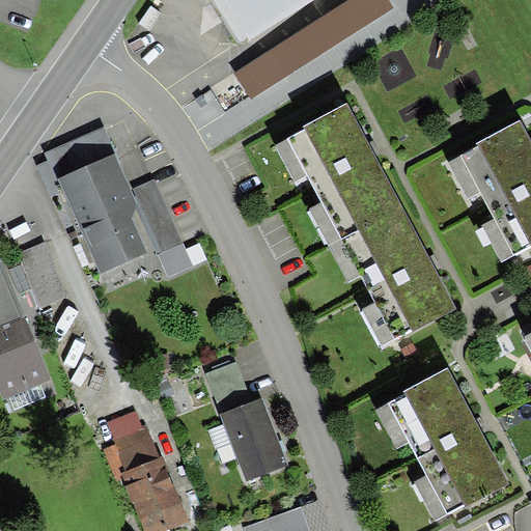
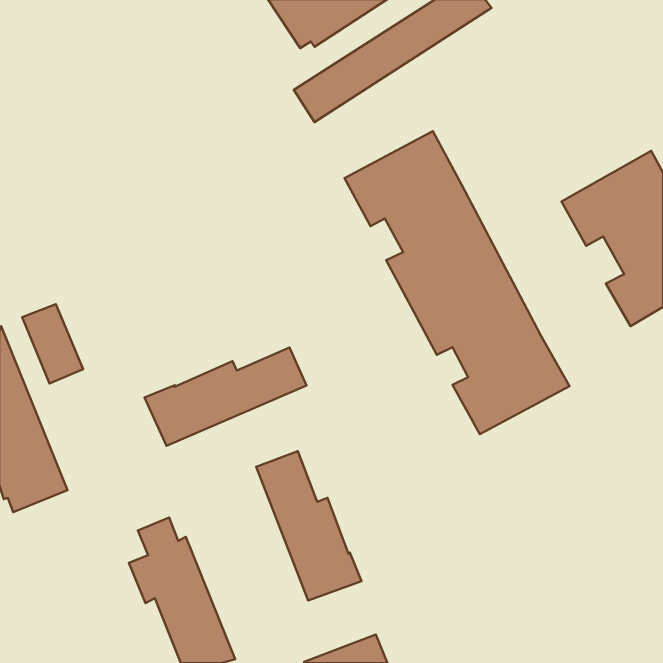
building: [46,128,193,277] -> none
building: none -> [144,348,307,446]
building: [374,369,507,521] -> none

